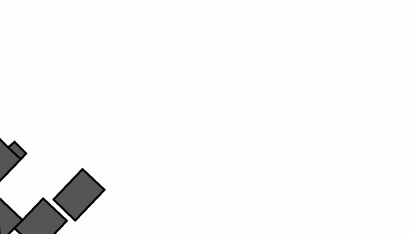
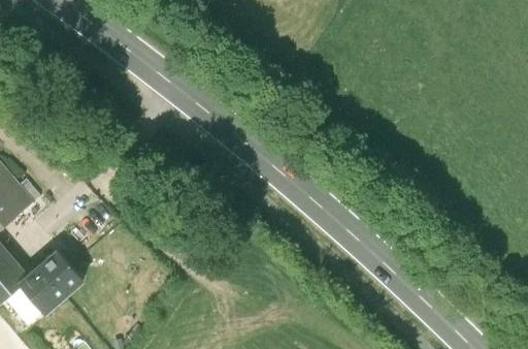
building: [53,169,104,220] -> none

